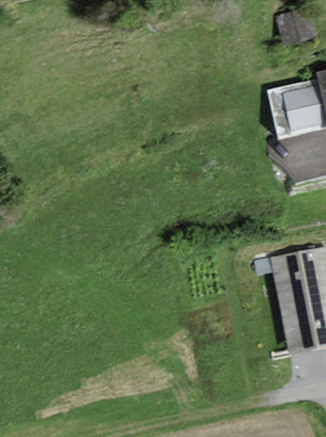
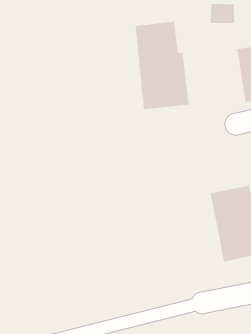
building: none -> [135,21,189,110]
building: [276,89,309,132] -> none

